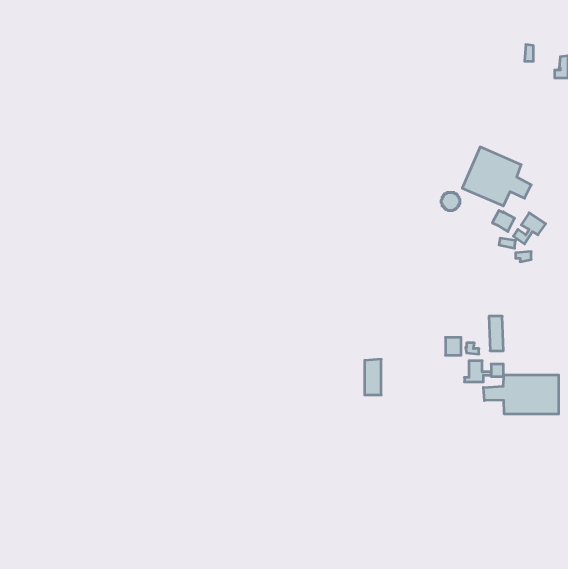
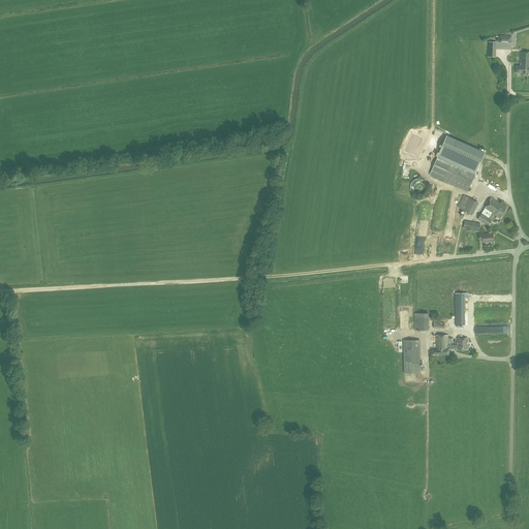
building: [365,359,381,395] -> [404,339,419,372]
building: [483,375,559,414] -> none

